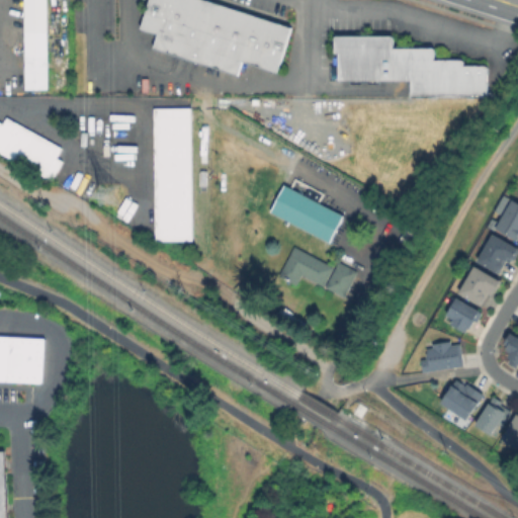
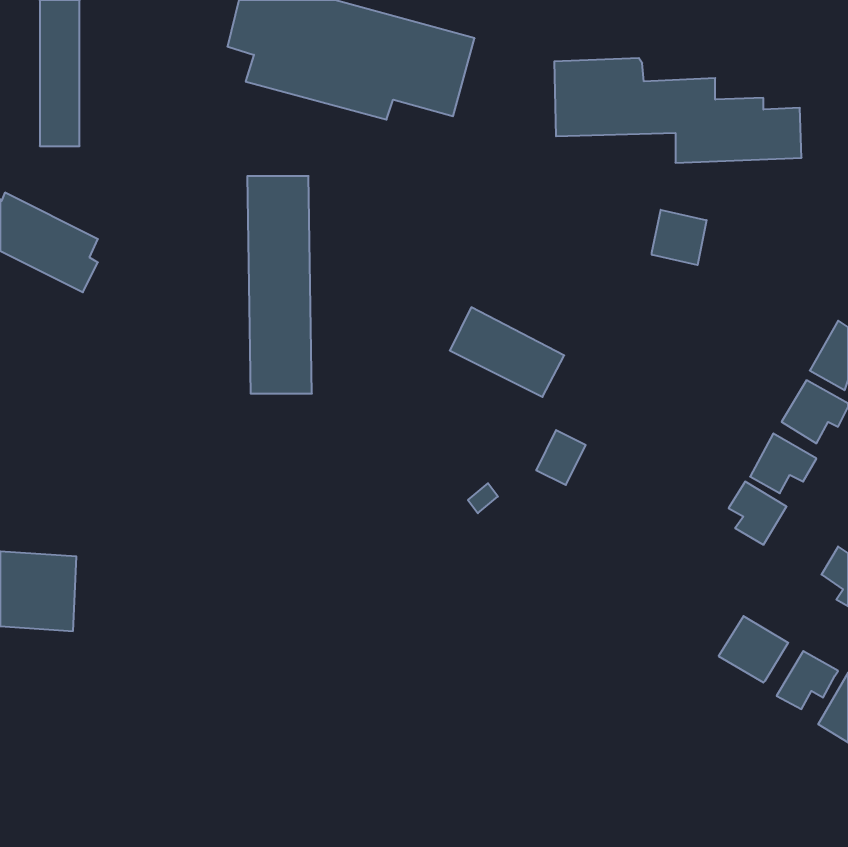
building: none -> [652,210,707,265]
building: [280,247,334,286] -> none
building: [421,339,462,370] -> none

